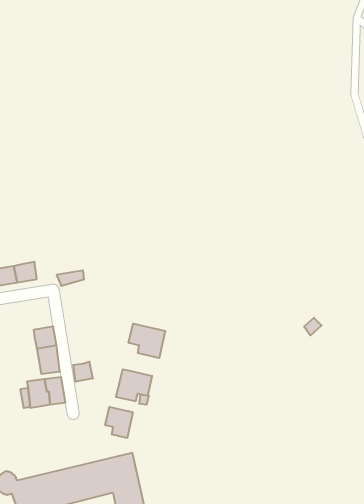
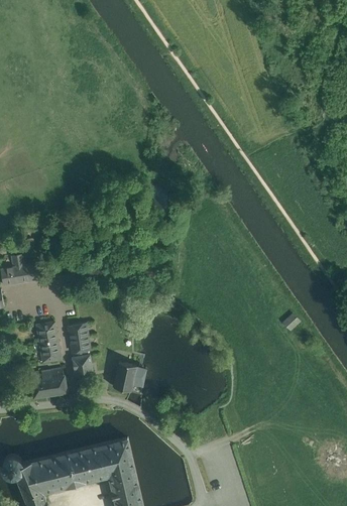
building: [129,324,165,358] -> none
building: none -> [67,324,90,353]
building: [105,407,133,438] -> none

